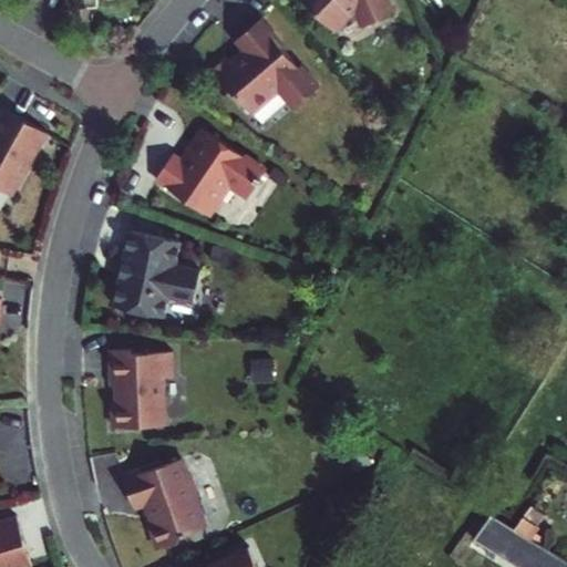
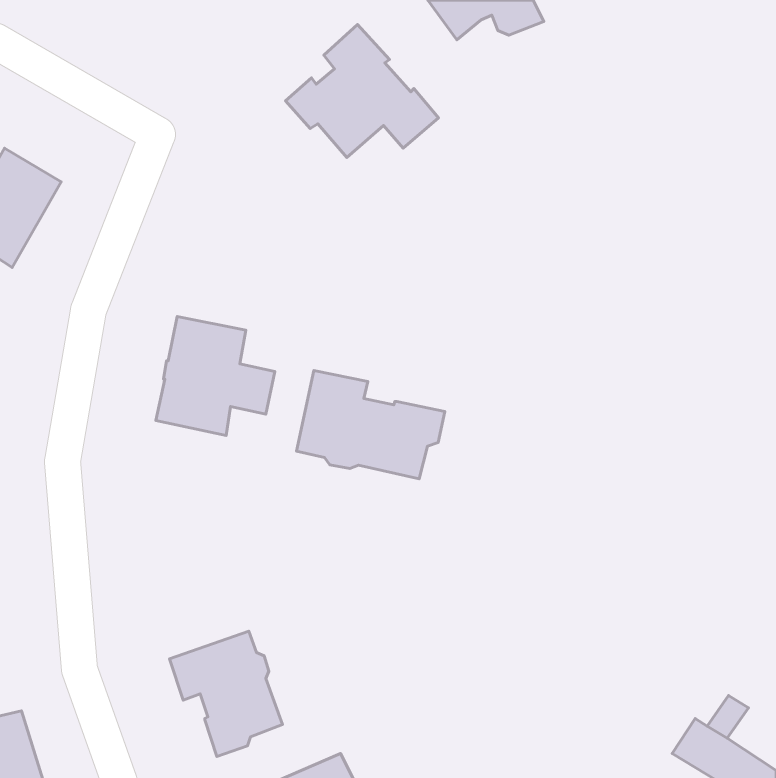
building: [154,131,264,214] -> none
building: none -> [296,370,445,479]
building: [110,350,173,429] -> none

